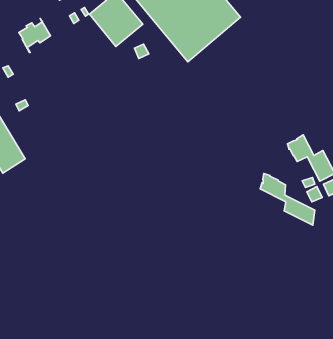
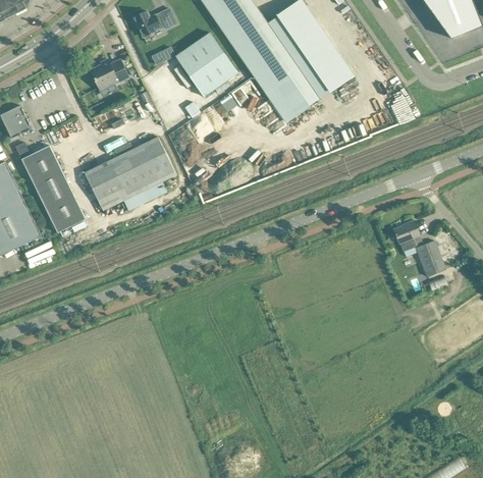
building: none -> [84,137,175,210]
building: [260,174,315,225] -> none

